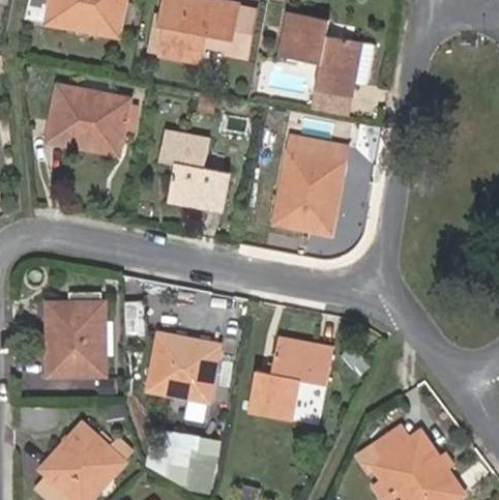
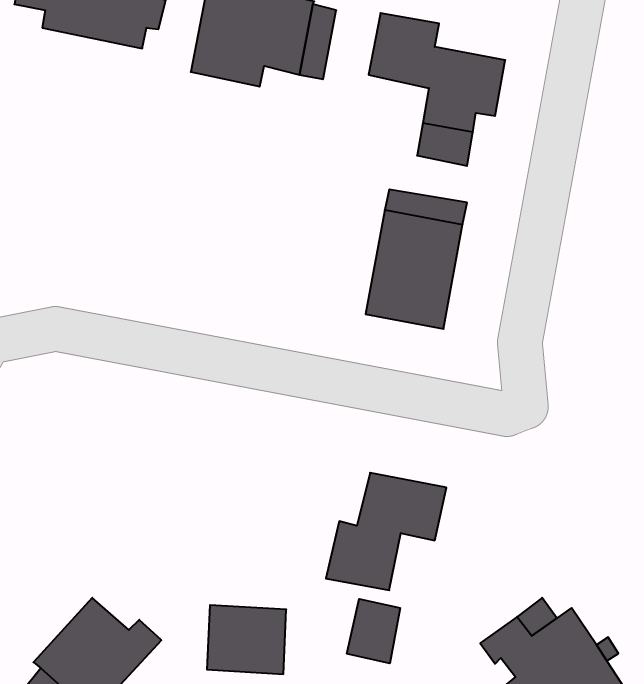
building: [49,86,129,154] -> none
building: [159,129,229,212] -> none
building: [48,293,105,374] -> none
building: [149,334,218,401] -> none
building: none -> [347,599,400,663]

